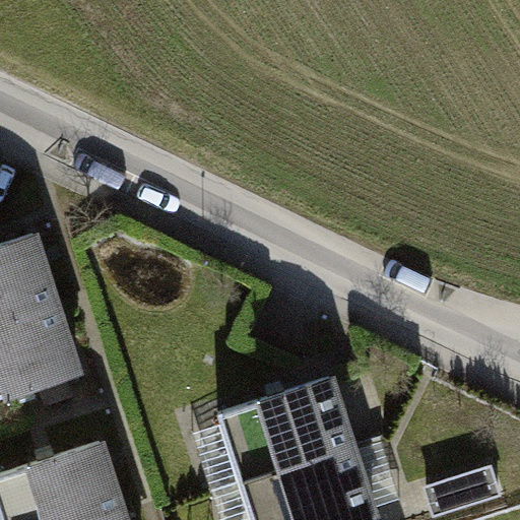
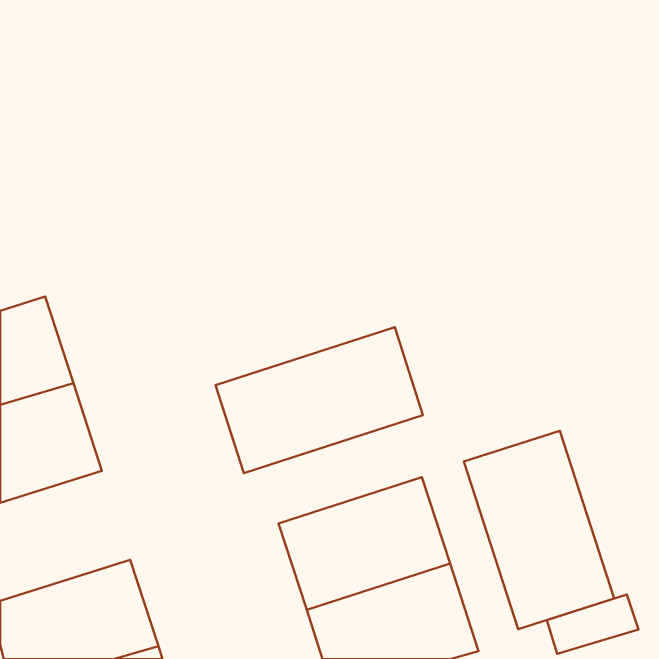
building: none -> [216,327,423,473]
building: none -> [464,431,614,629]

